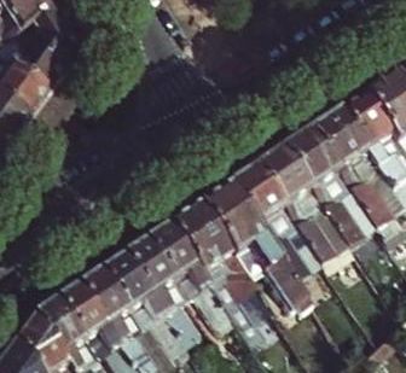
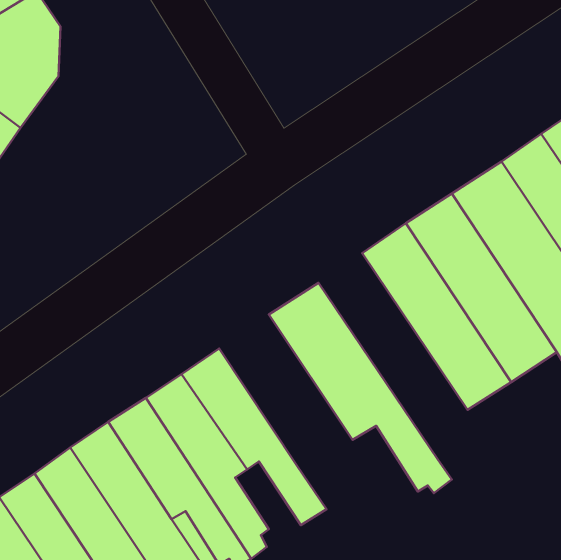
building: [228,164,319,290] -> none
building: [168,202,273,326] -> none

